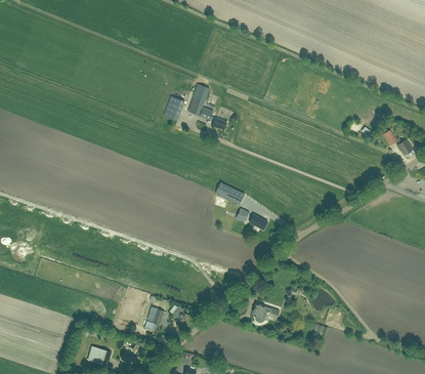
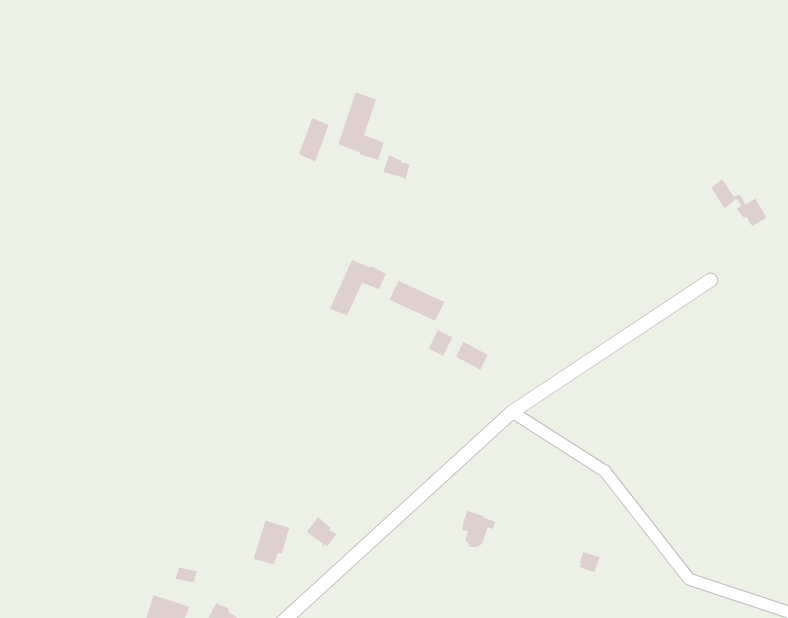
building: none -> [329,259,387,317]

